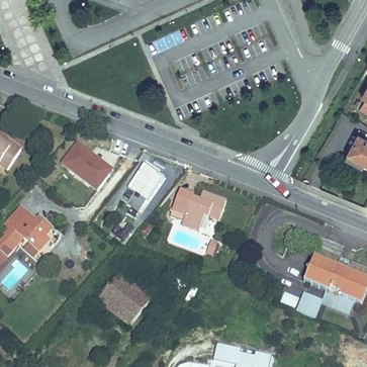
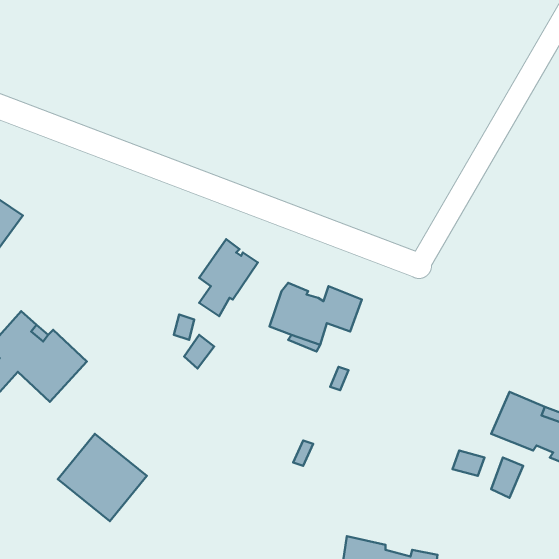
building: [61,140,113,189] -> none
building: [98,272,152,325] -> [58,434,147,521]

